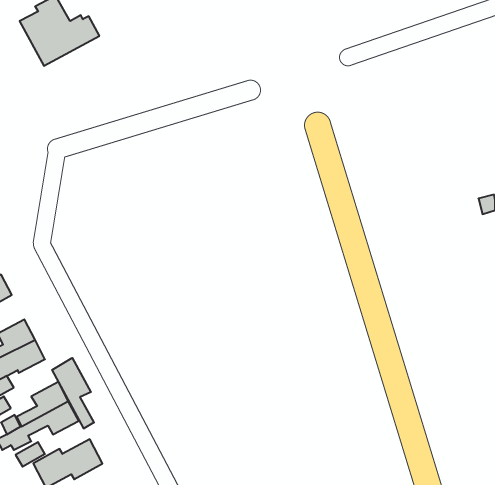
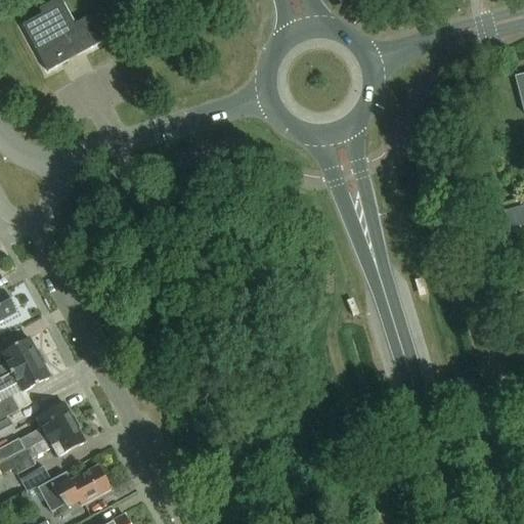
building: [52,358,94,429] -> none

